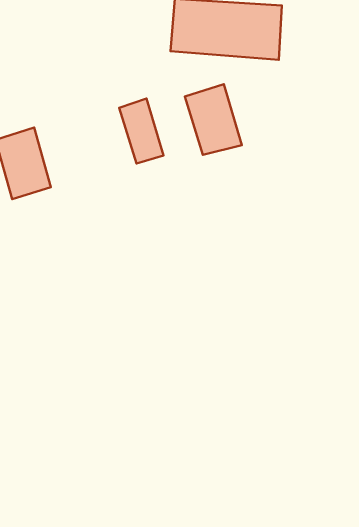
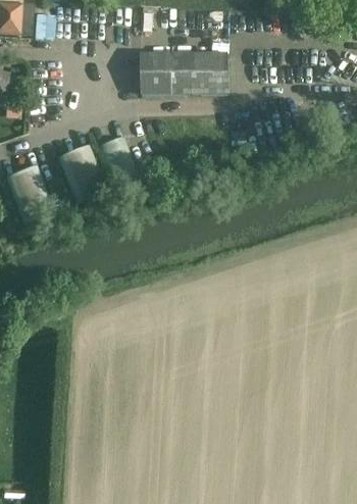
building: [185,84,242,155] -> [58,144,107,202]

